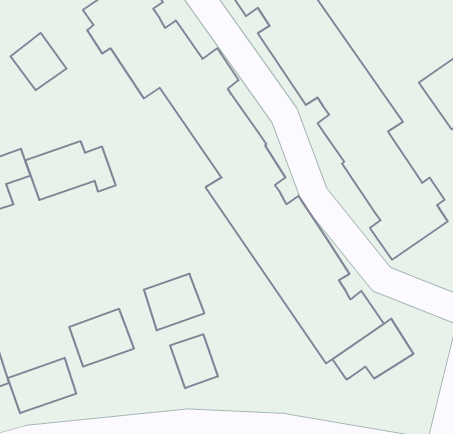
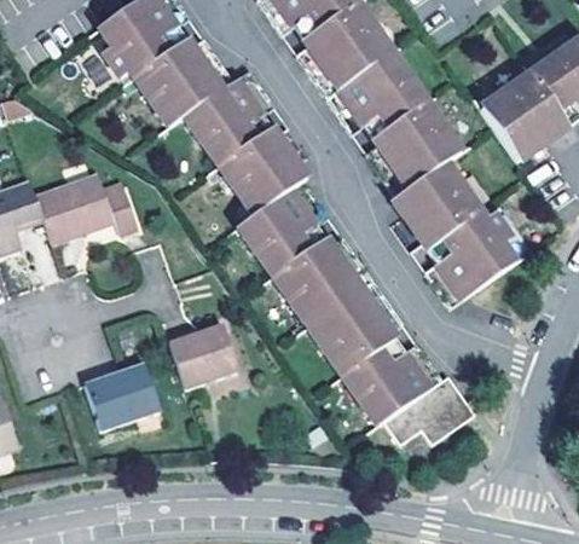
building: [11,33,67,90] -> none
building: [170,334,218,388] -> none
building: [8,358,76,413] -> none

